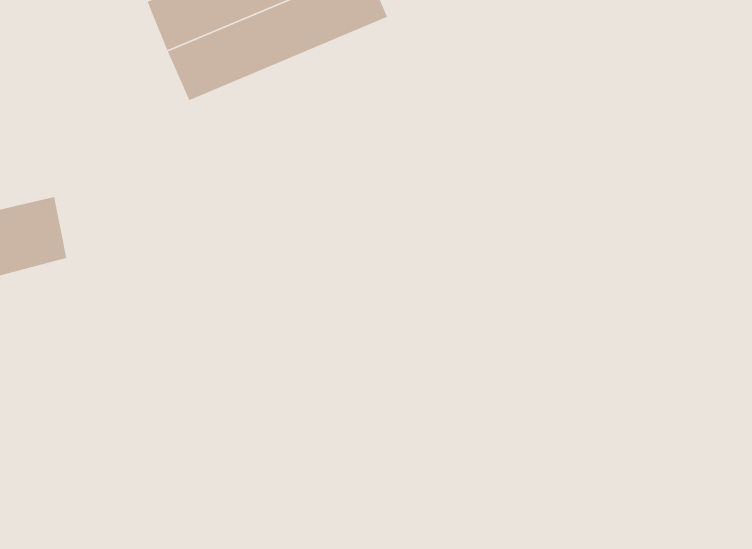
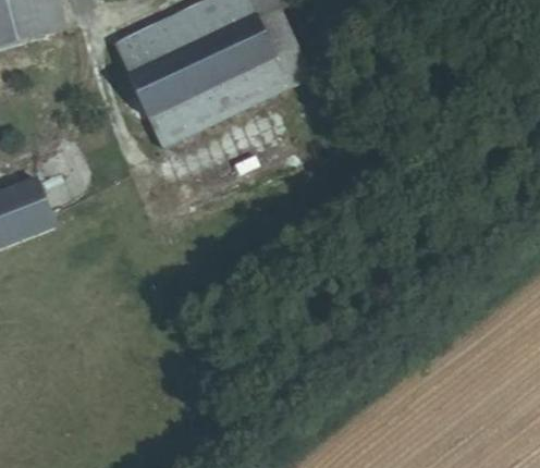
building: none -> [144,53,297,147]

